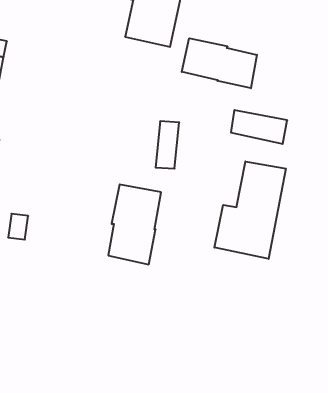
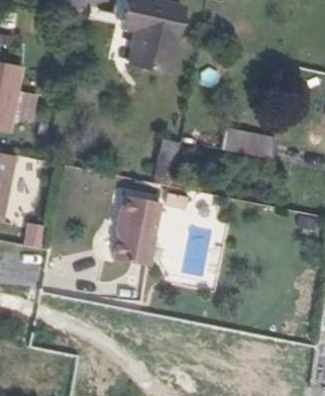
building: [182,38,257,88] -> none
building: [214,161,286,259] -> none

